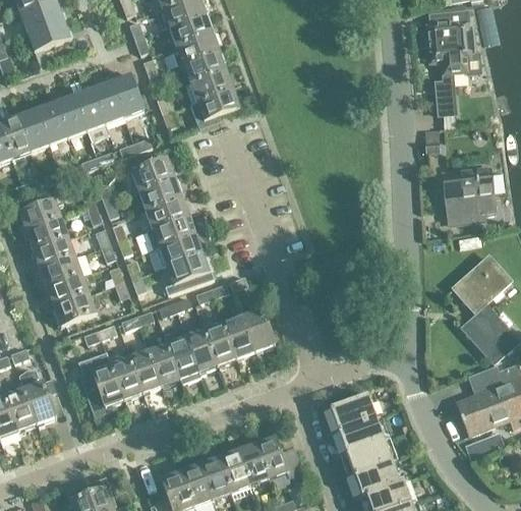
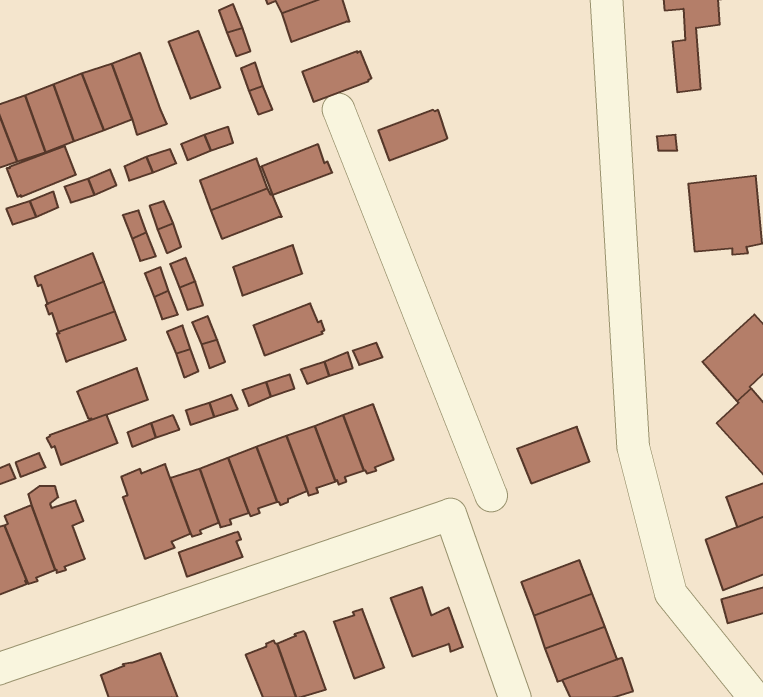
building: [189,68,234,101] -> [378,110,447,160]
building: [92,81,124,125] -> none
building: [144,194,190,227] -> [261,144,332,195]
building: [16,200,61,232] -> [7,146,76,197]
building: [158,231,204,265] -> none
building: [44,274,90,306] -> [47,415,118,465]
building: [242,308,275,354] -> none
building: [329,394,375,431] -> [517,427,590,483]
building: none -> [179,532,243,577]
building: [235,441,268,486] -> none
building: [198,455,230,500] -> none

